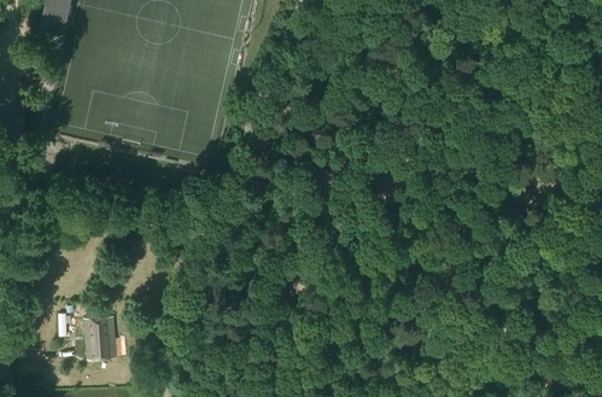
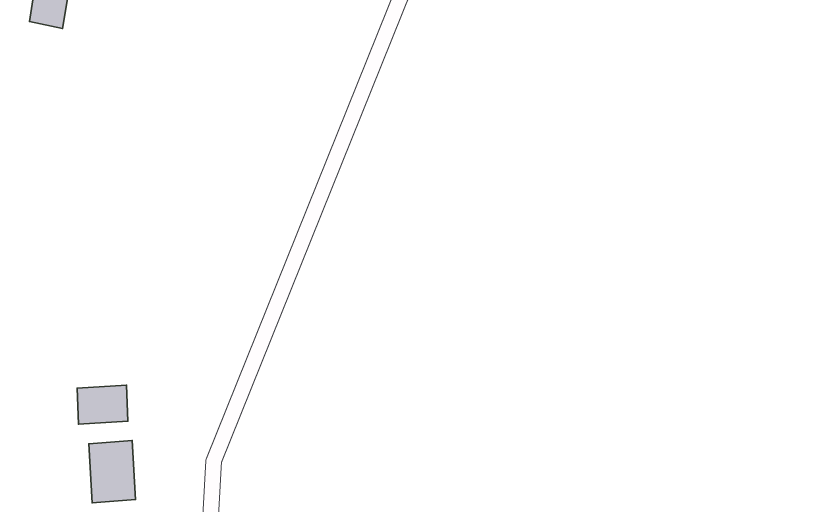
building: none -> [77,385,128,424]

